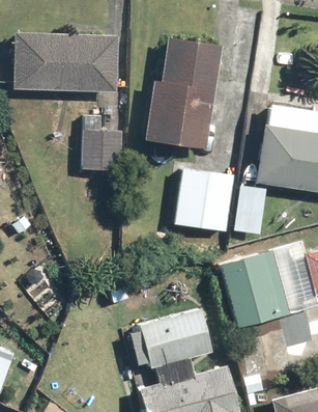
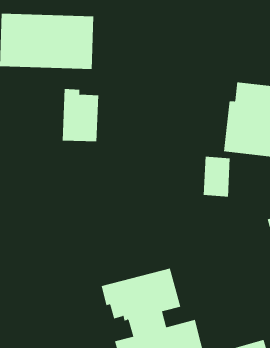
building: [146,38,220,147] -> none
building: [177,170,231,231] -> none
building: [221,252,288,327] -> none

